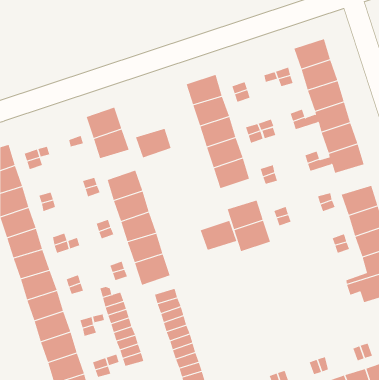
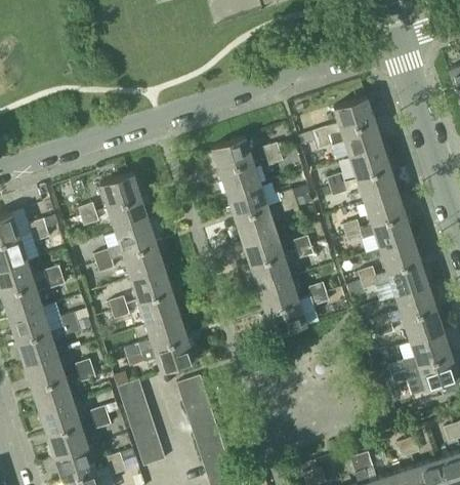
building: [135,128,171,158] -> [115,220,156,254]
building: none -> [379,237,421,271]
building: [200,220,237,250] -> [250,253,292,287]

